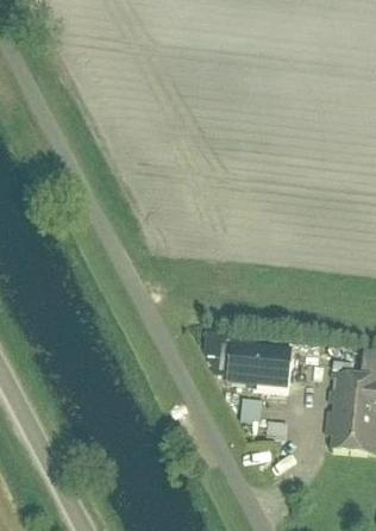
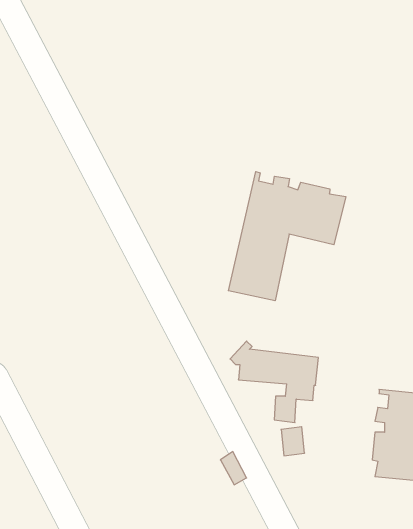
building: none -> [228,172,346,301]

